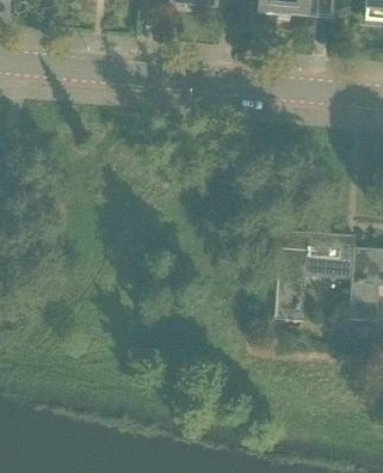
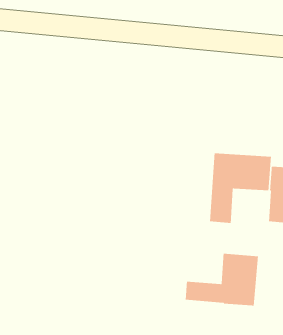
building: none -> [185,253,266,307]

